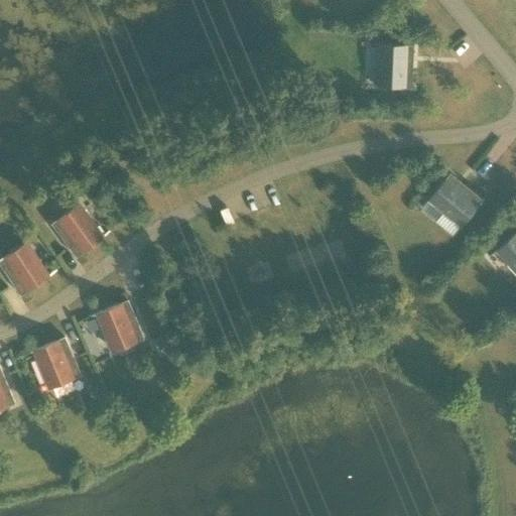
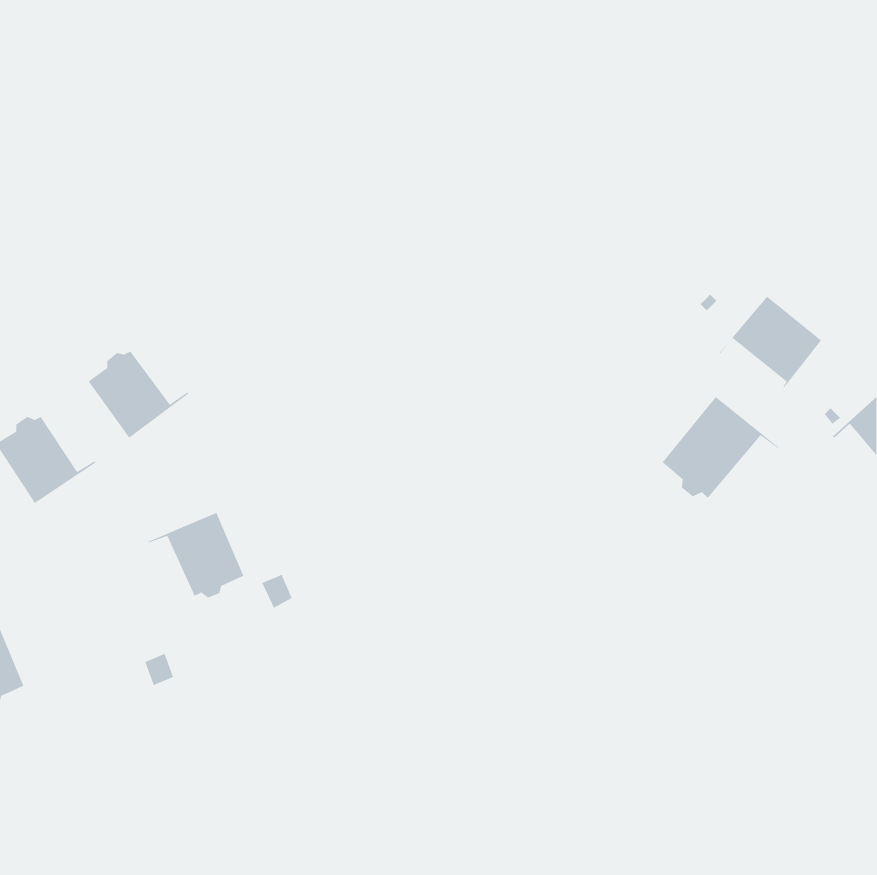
building: [369,45,413,90] -> none
building: none -> [662,396,779,498]
building: [23,340,80,390] -> none

